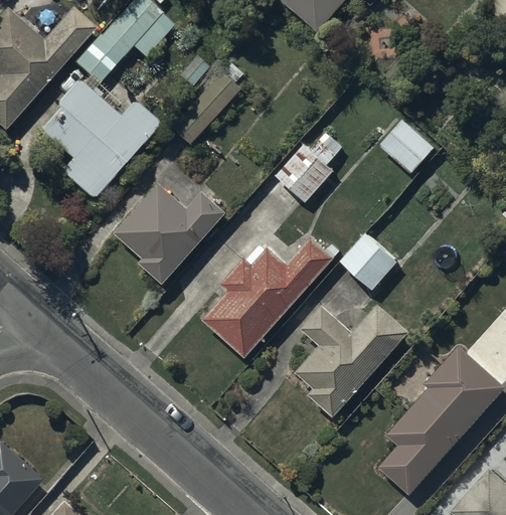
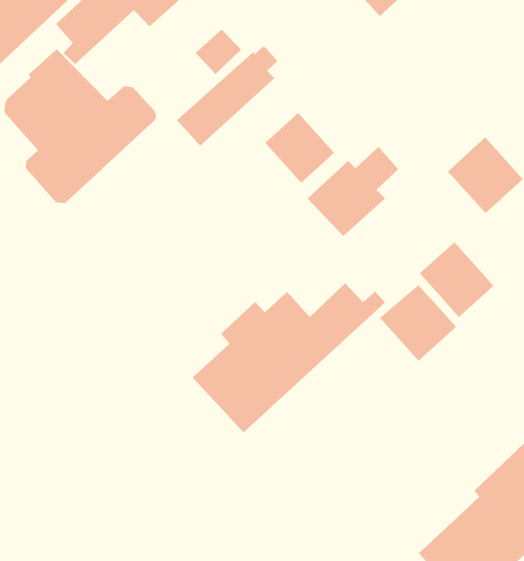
building: none -> [265,112,335,183]
building: [114,182,227,286] -> none
building: none -> [419,242,494,318]
building: [295,303,409,417] -> none

